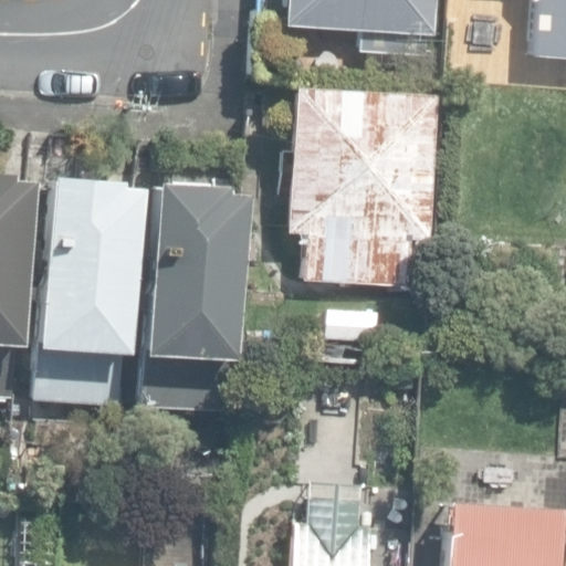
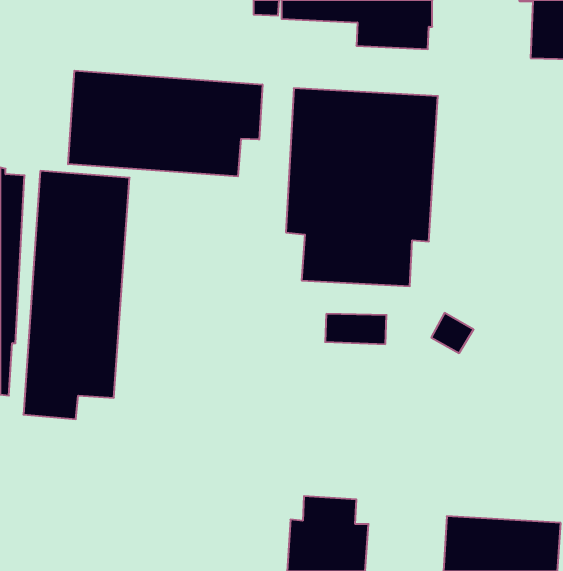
building: none -> [68,71,262,176]
building: [142,179,247,409] -> none

